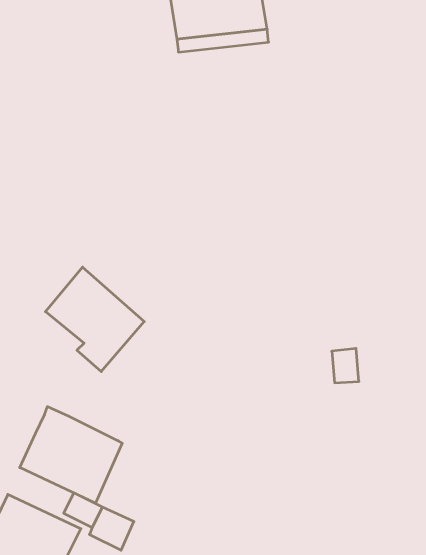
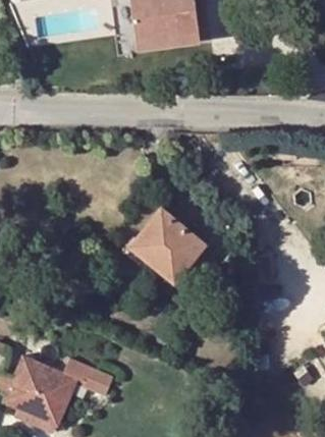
building: [45,267,144,372] -> [134,207,205,281]
building: [20,407,122,503] -> none

